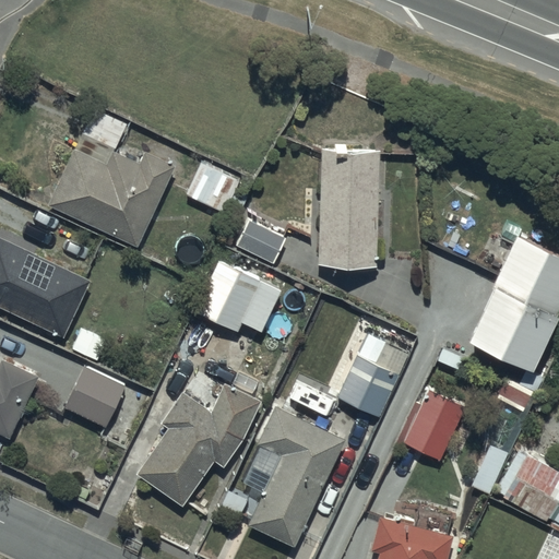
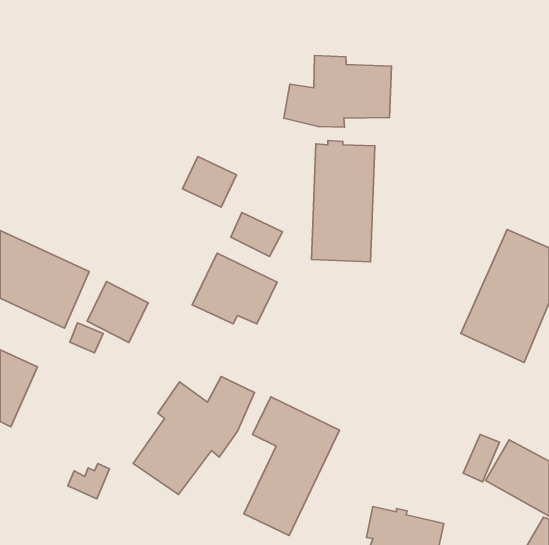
building: none -> [284,56,391,127]
building: [50,111,177,246] -> none
building: [337,334,411,419] -> none
building: [62,366,124,428] -> [87,281,148,342]
building: [395,389,466,464] -> none

